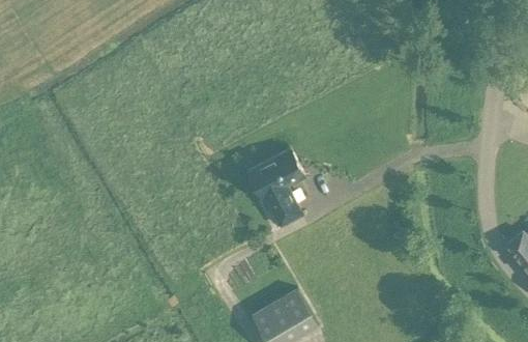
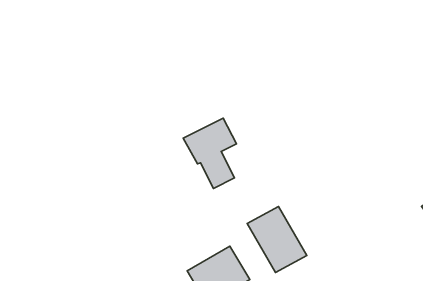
building: none -> [247,206,307,273]

